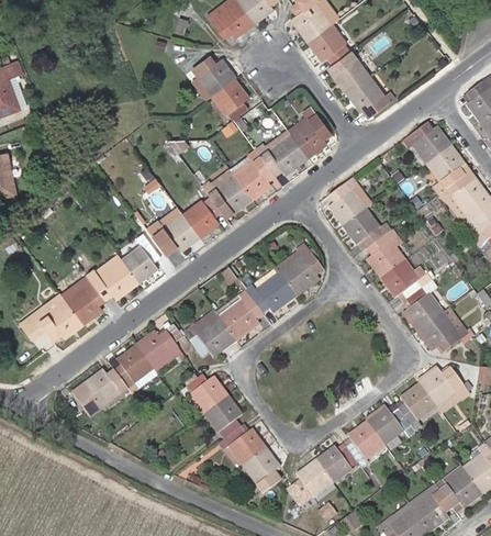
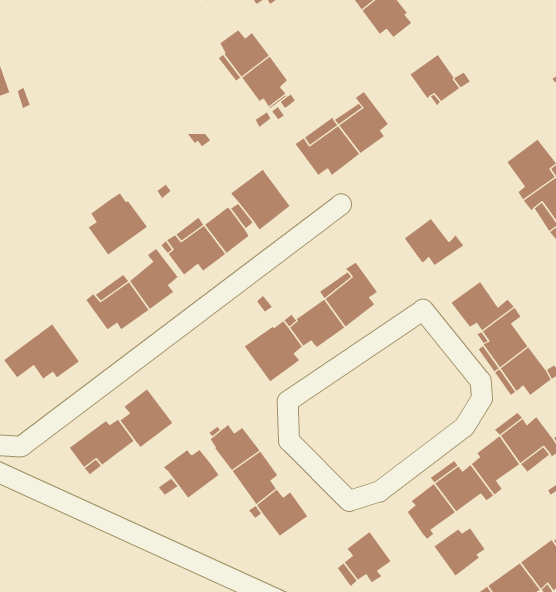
building: [328,51,370,93] -> none
building: [403,122,450,164] -> none
building: [230,150,274,199] -> none
building: [328,179,365,225] -> none
building: none -> [88,193,148,256]
building: [367,230,404,277] -> none
building: [60,273,104,324] -> none
building: [185,311,235,357] -> none
building: [136,332,181,371] -> [163,449,219,498]
building: [315,445,357,484] -> [433,527,485,577]
building: [243,448,281,493] -> none

